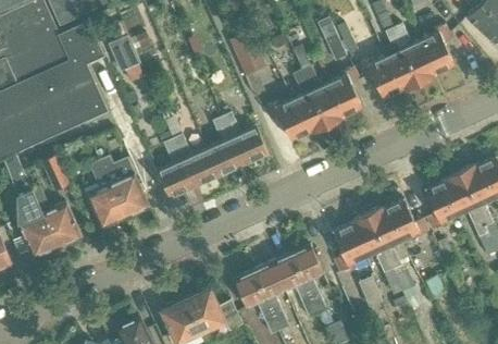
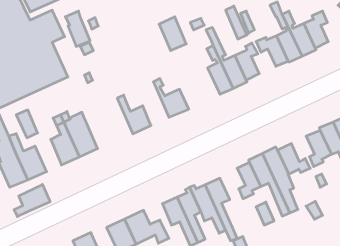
building: [265,99,309,140] -> none
building: [208,118,242,175] -> none
building: [157,139,195,198] -> none
building: none -> [14,184,50,217]

